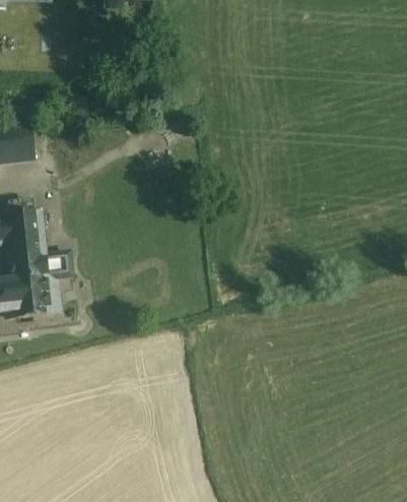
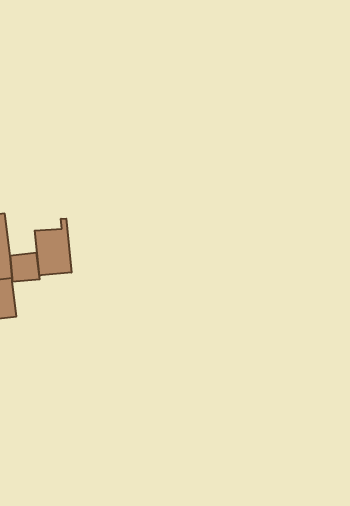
building: none -> [35,219,71,276]

